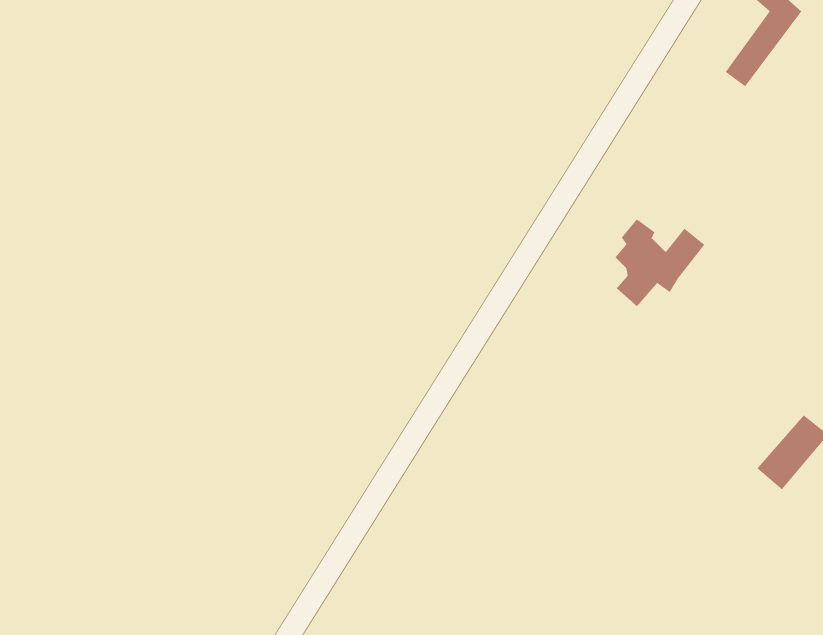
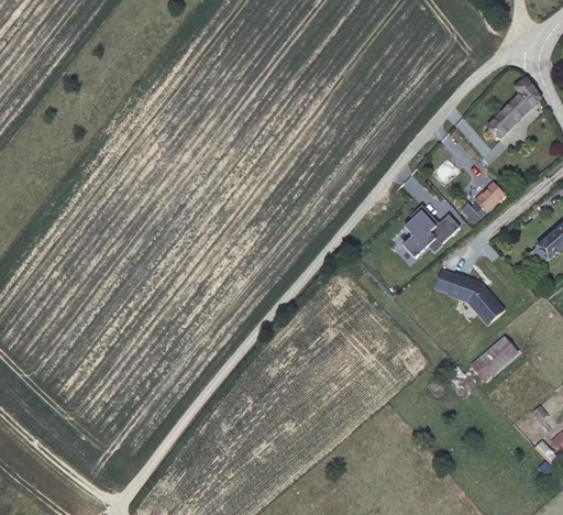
building: none -> [461,182,504,222]
building: none -> [434,272,503,324]

